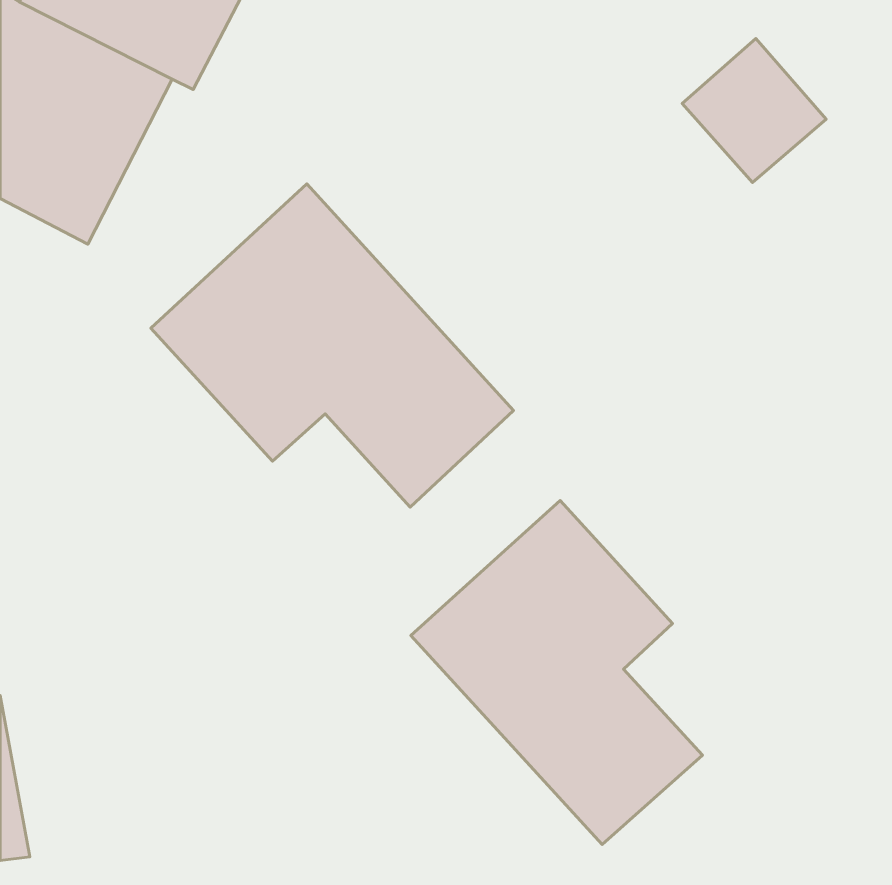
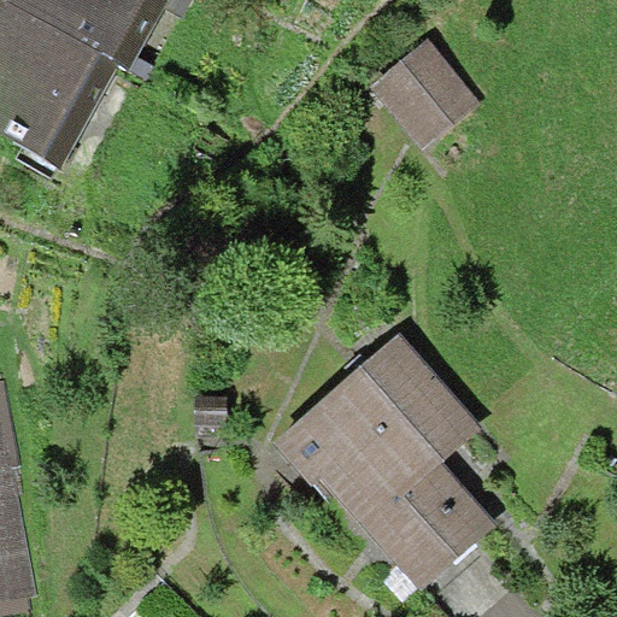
building: [682,39,826,183] -> [372,42,471,141]
building: [151,184,514,507] -> none

